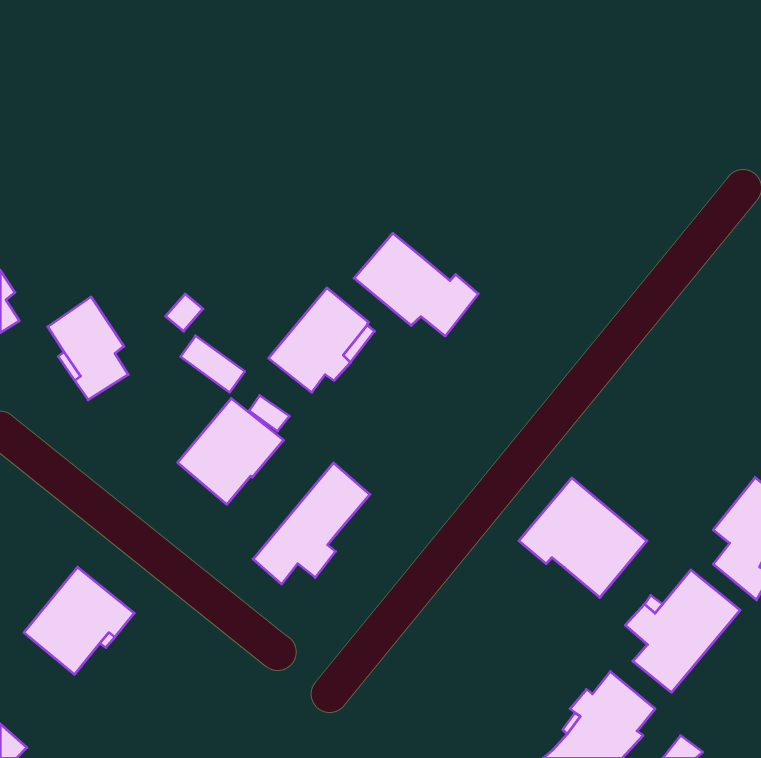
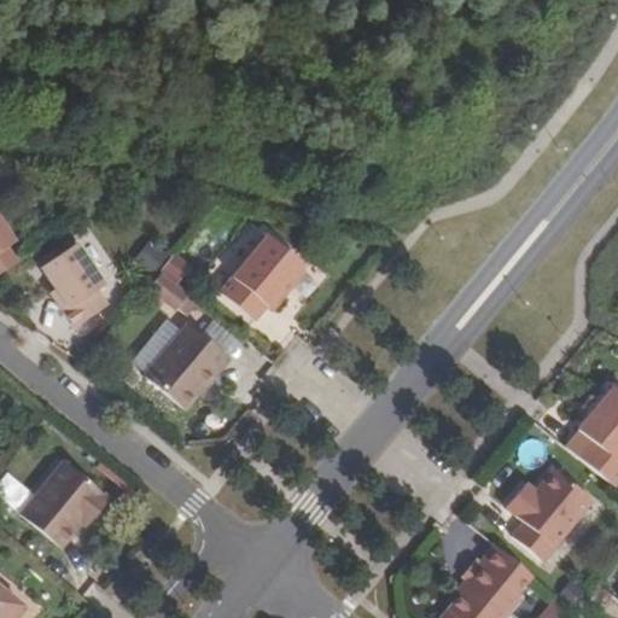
building: [354,233,478,336] -> none
building: [253,463,370,584] -> none
building: [519,478,647,598] -> none

